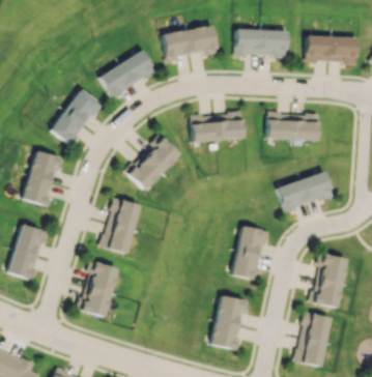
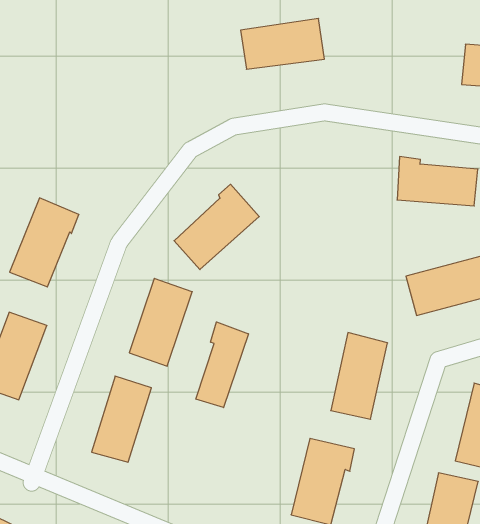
building: [235,30,286,57] -> none
building: [98,51,155,98] -> none
building: [51,89,102,146] -> none
building: [192,113,244,142] -> none
building: none -> [196,322,248,408]

